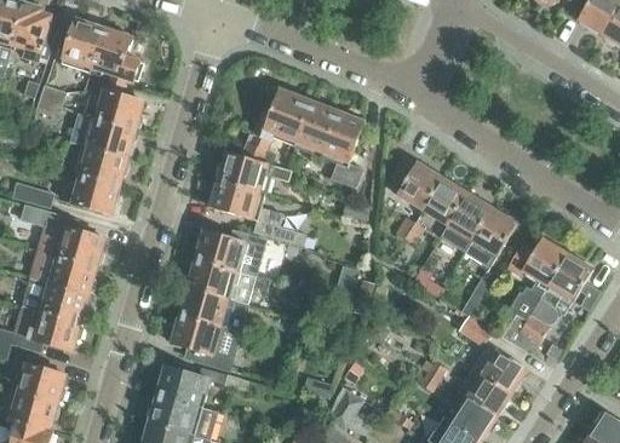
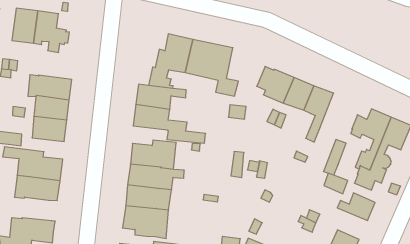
building: [91,88,143,130] -> none
building: [465,207,517,269] -> none
building: [22,278,88,321] -> none
building: [457,366,511,414] -> none

